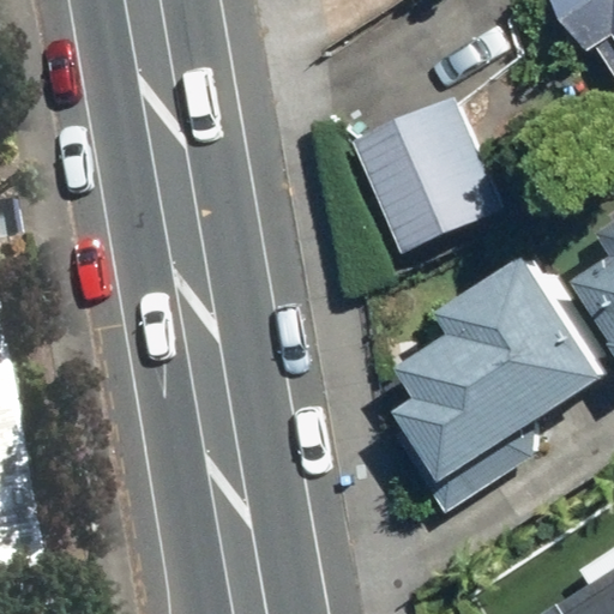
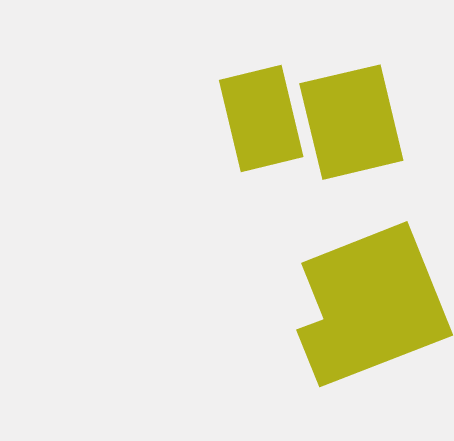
building: none -> [218,64,305,173]

